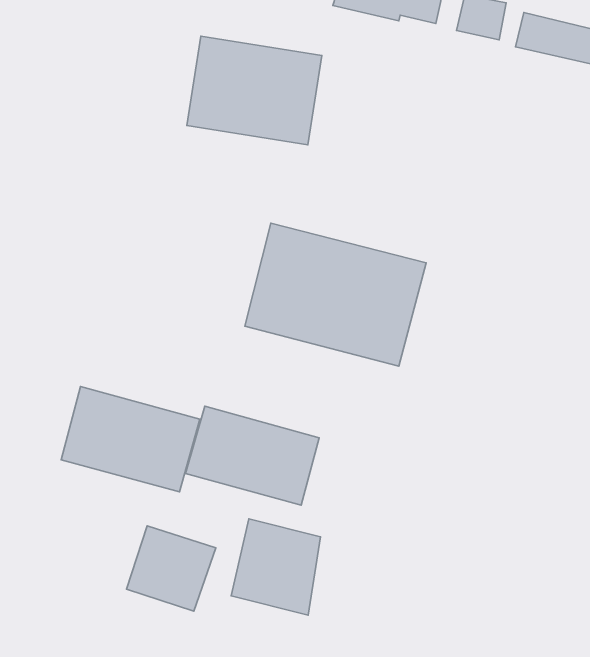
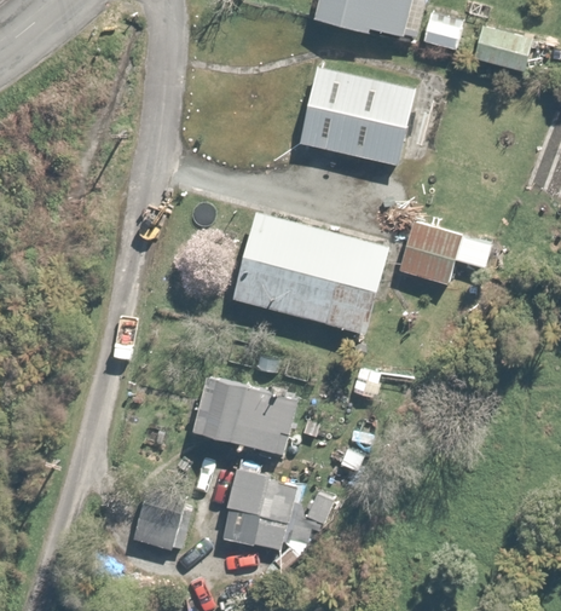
building: [187,36,322,145] -> [299,68,417,163]
building: none -> [397,219,493,287]
building: [61,387,200,492] -> none

